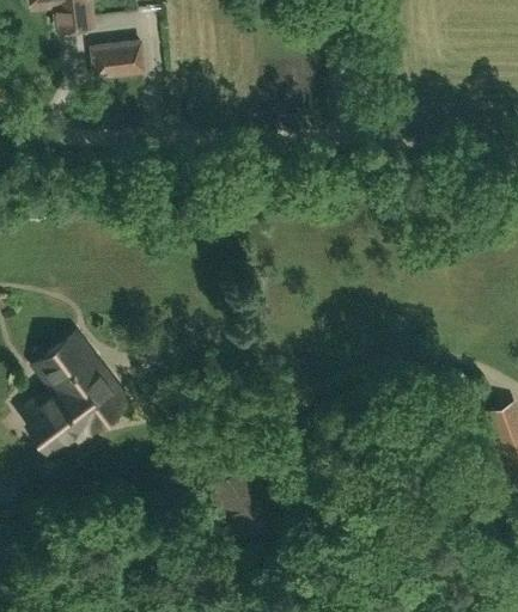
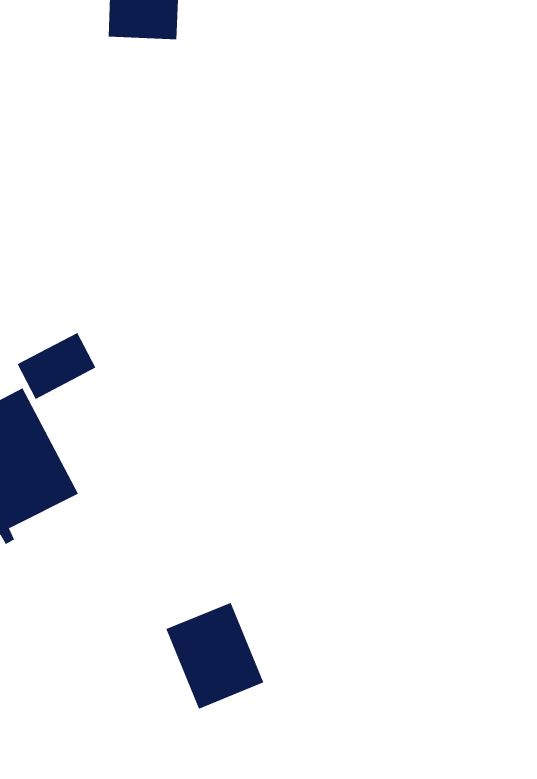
building: none -> [17,332,96,400]

